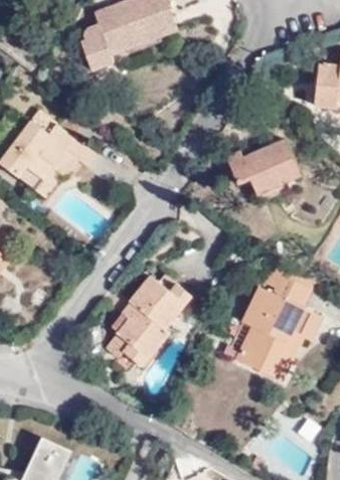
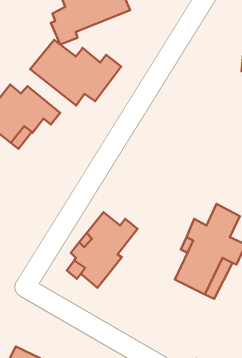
building: none -> [30,40,121,106]
building: [228,139,300,192] -> none

